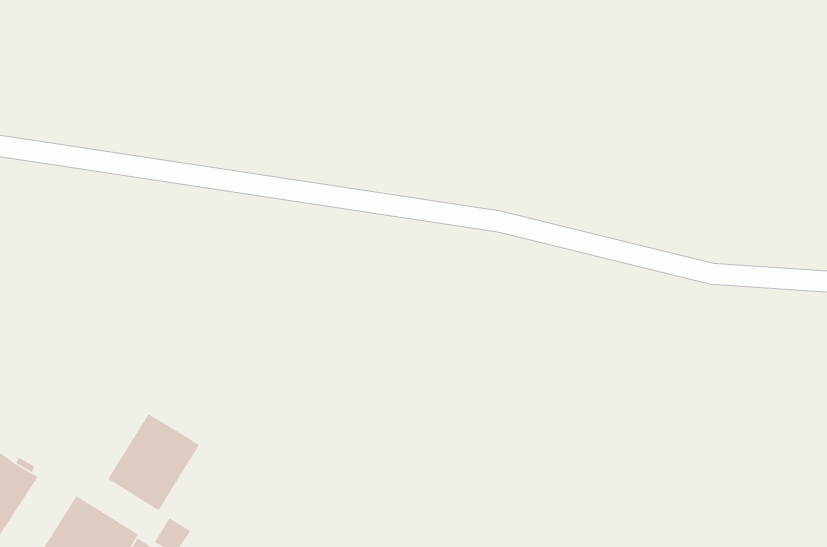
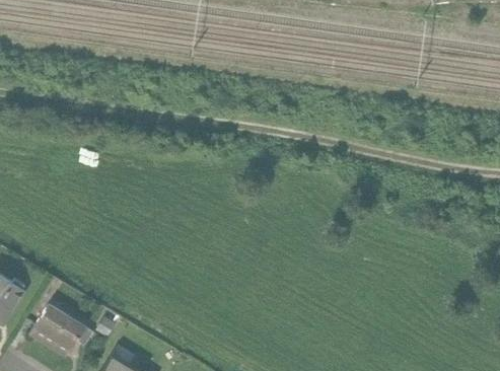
building: [107,413,200,511] -> none

